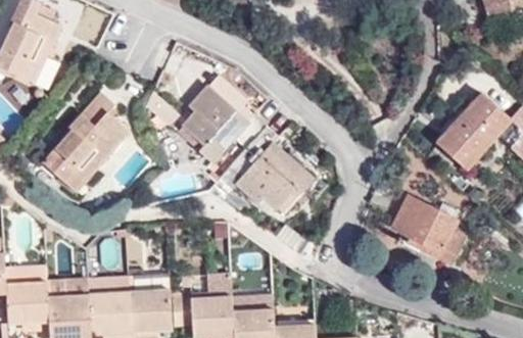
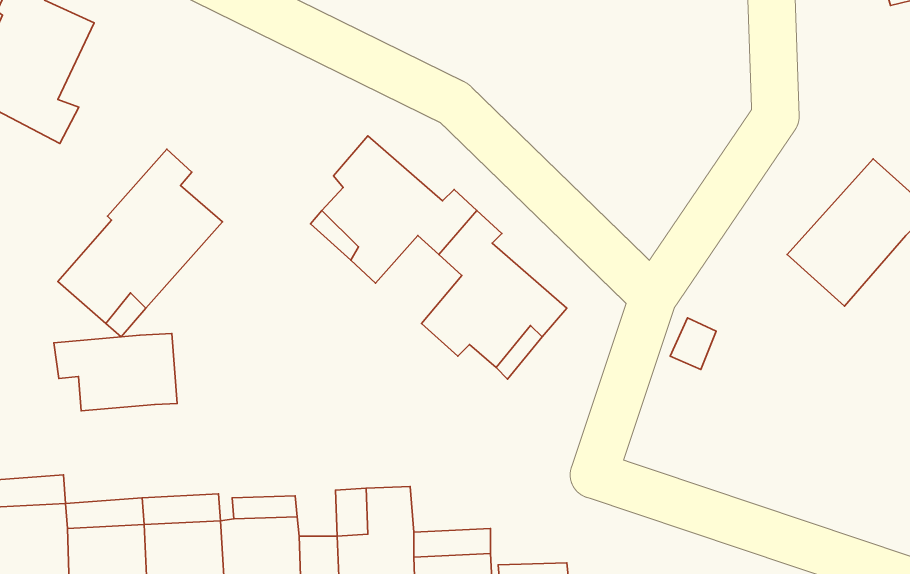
building: none -> [54,333,177,411]
building: [391,194,466,264] -> none

